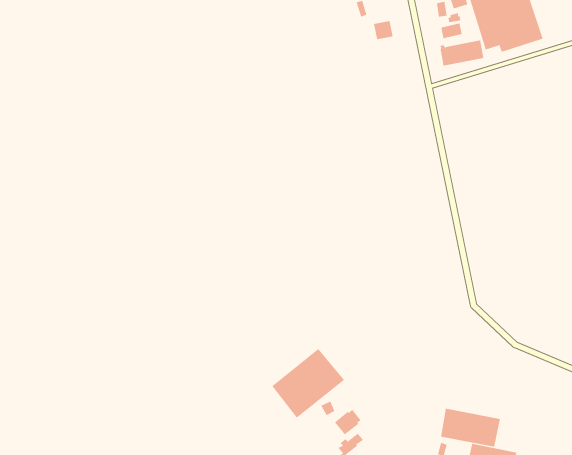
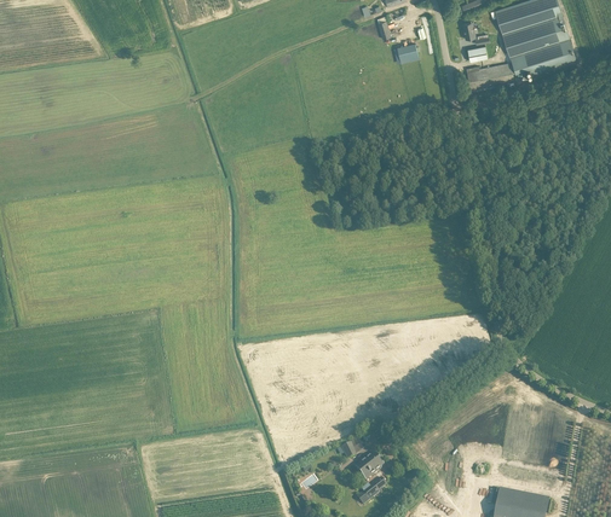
building: [271,348,345,419] -> none
building: [441,408,501,448] -> none

